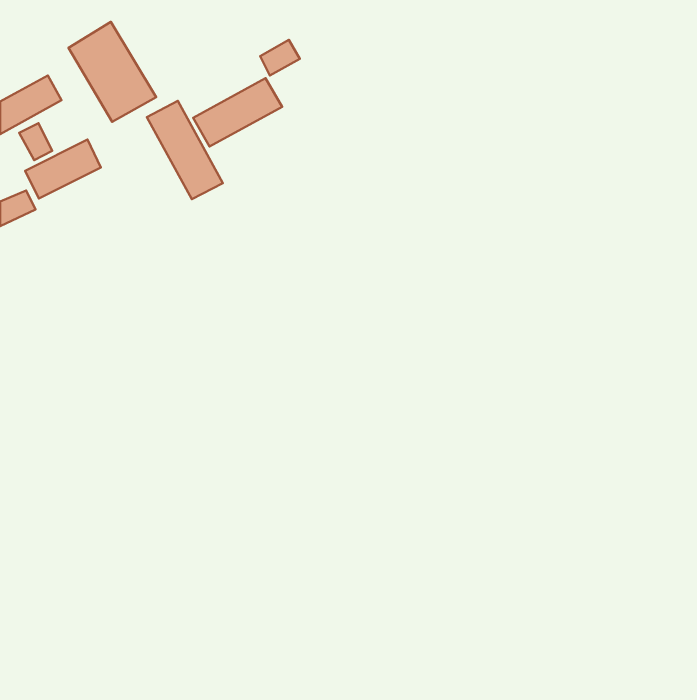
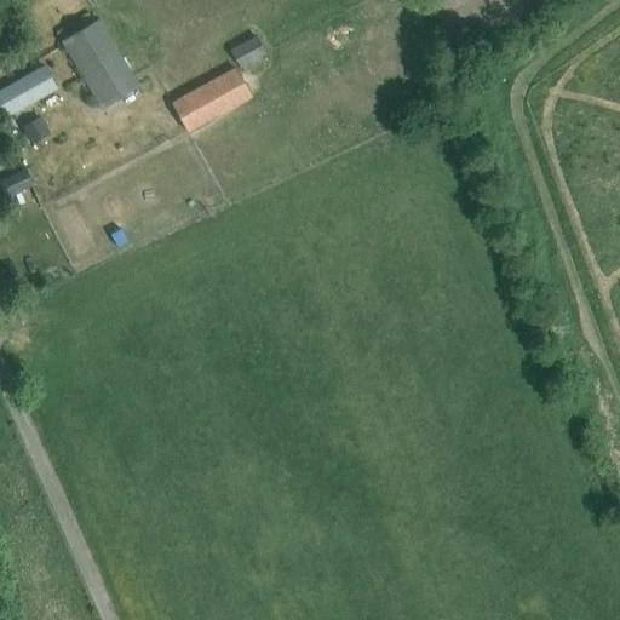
building: [147,101,223,199] -> none
building: [25,140,101,199] -> none

